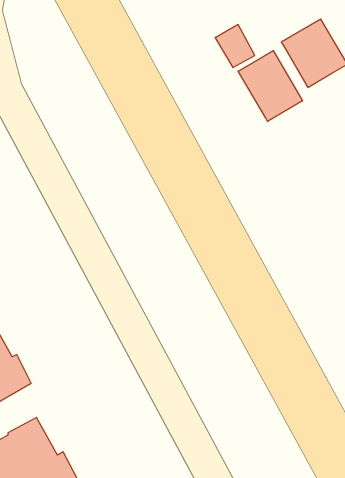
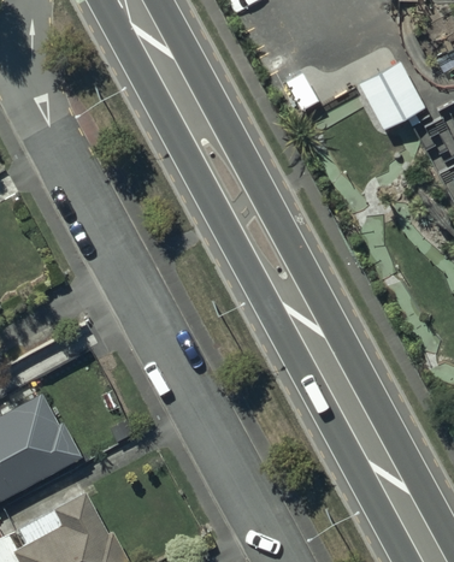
building: [238,51,303,122] -> none

